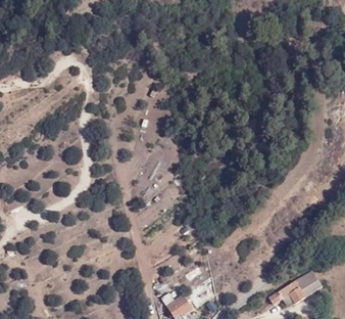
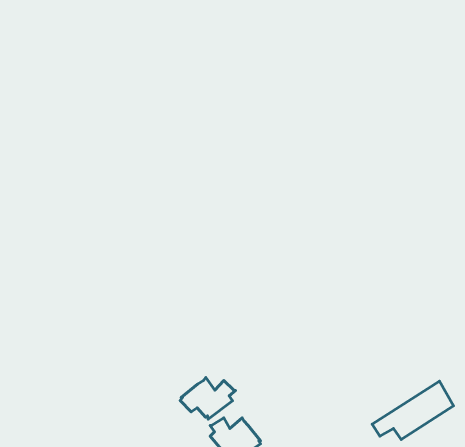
building: none -> [180,378,235,419]

